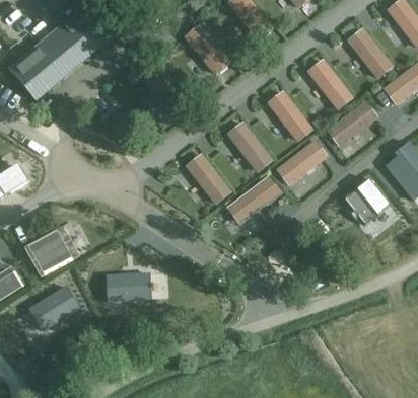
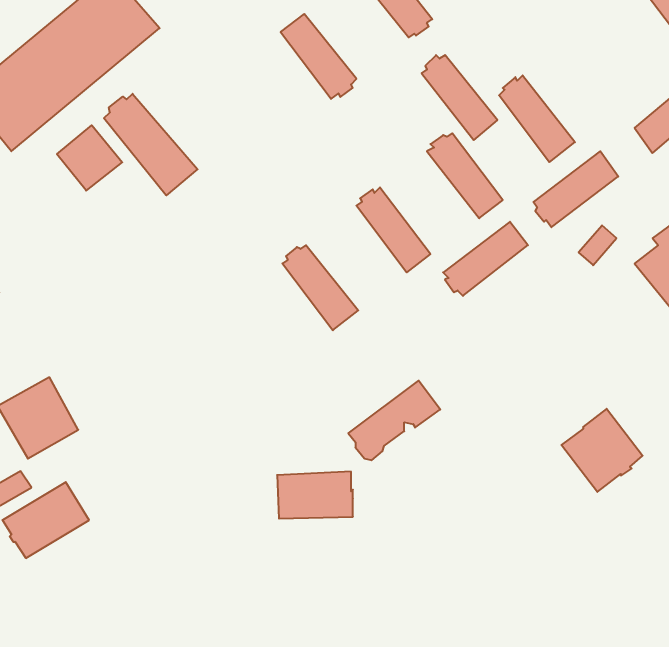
building: [348,29,391,77] -> [422,55,497,140]
building: none -> [104,94,198,195]
building: none -> [57,125,122,191]
building: [228,177,280,222] -> [348,381,440,460]
building: [343,177,389,224] -> [561,409,643,492]
building: [108,272,150,299] -> [277,472,353,519]

